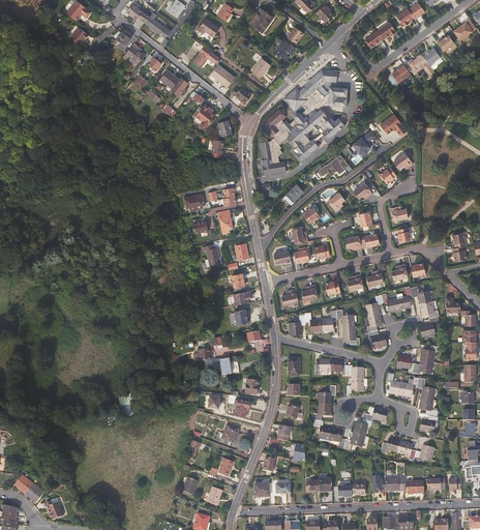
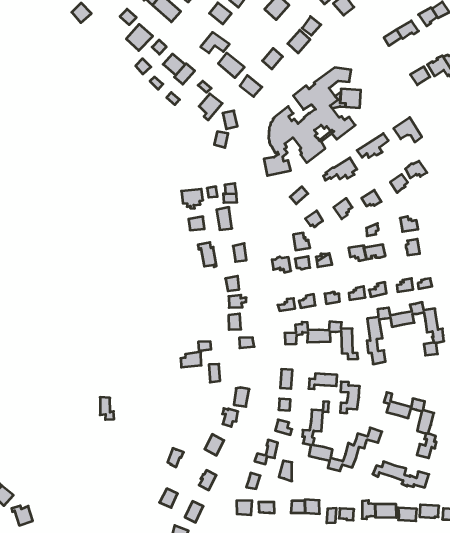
building: [397,345,440,373] -> none

